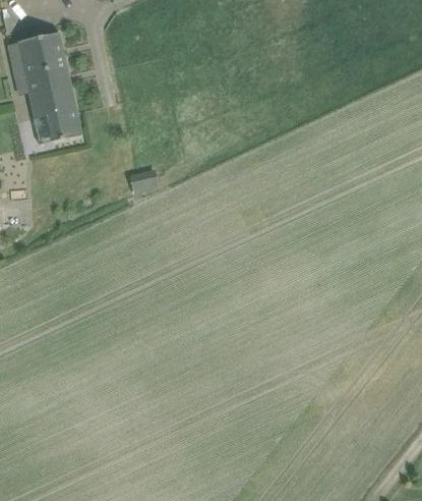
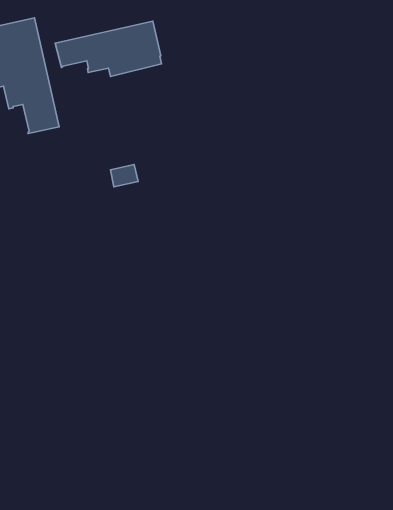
building: none -> [55,21,162,76]

